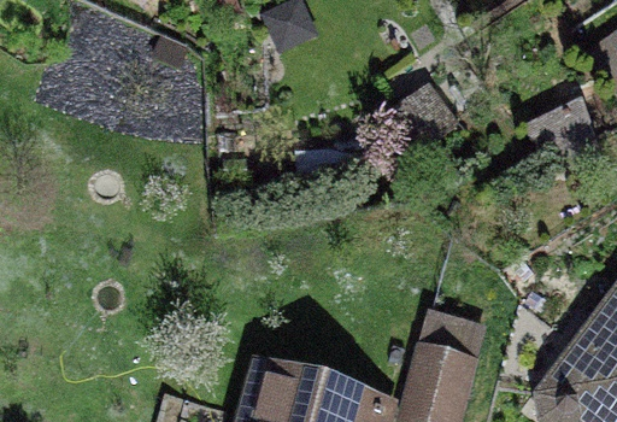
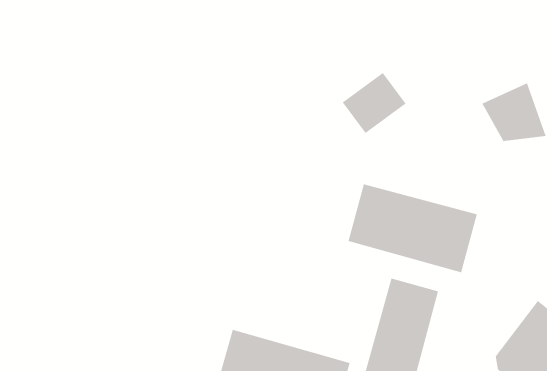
building: none -> [348,184,478,273]

